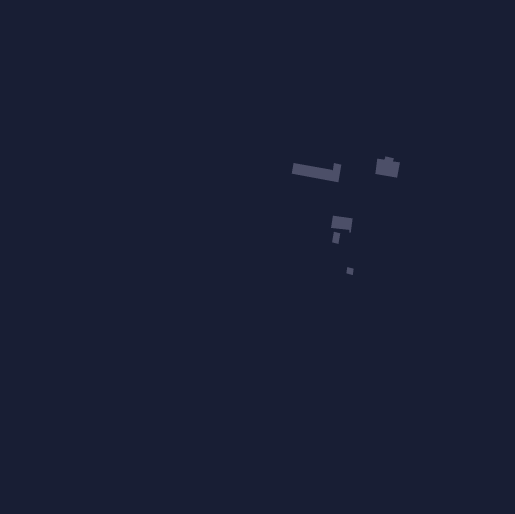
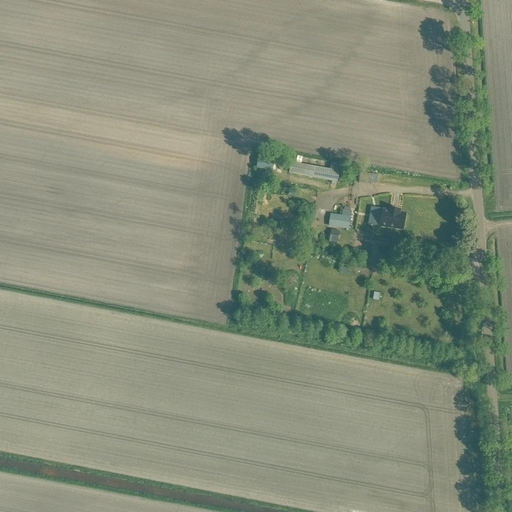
building: [375,156,401,178] -> [379,207,405,229]

